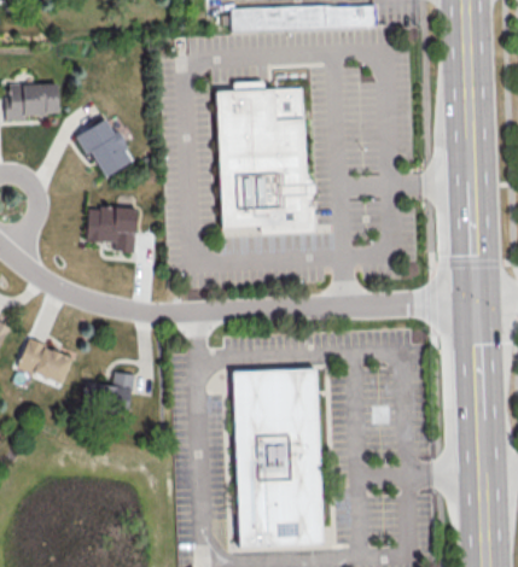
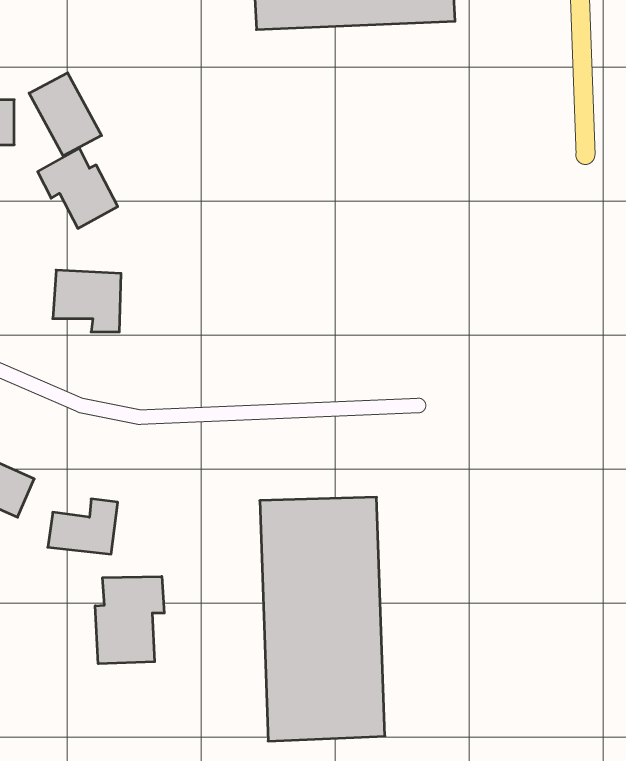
building: none -> [29,73,102,156]
building: [215,88,316,228] -> none
building: none -> [95,576,164,664]

